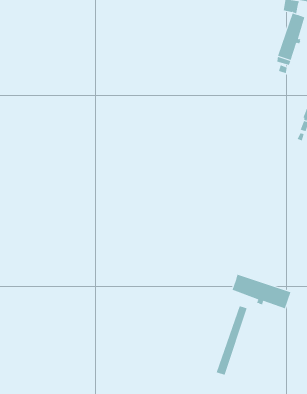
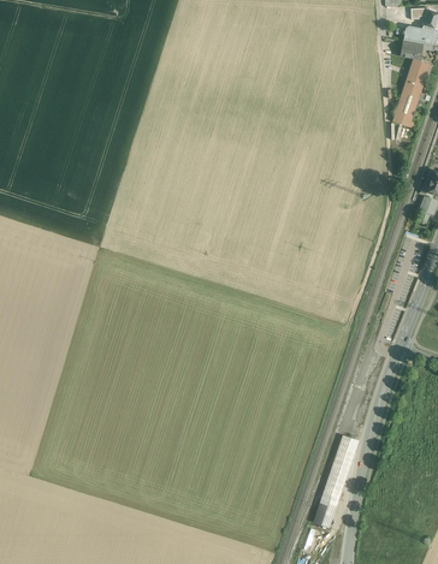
building: [232,274,291,309] -> none

